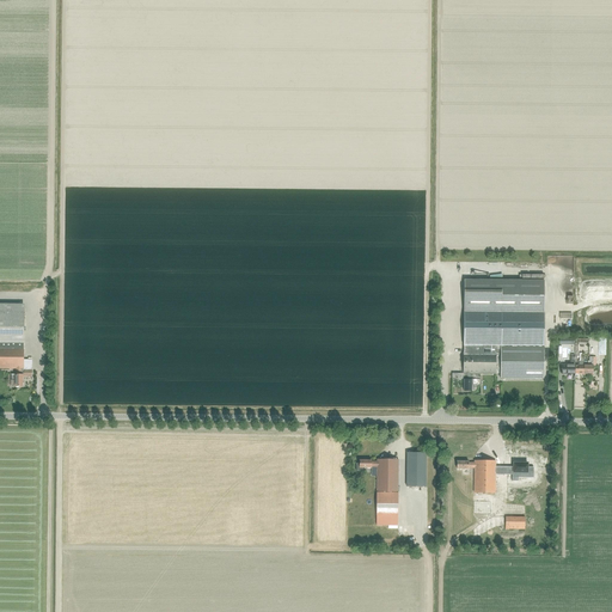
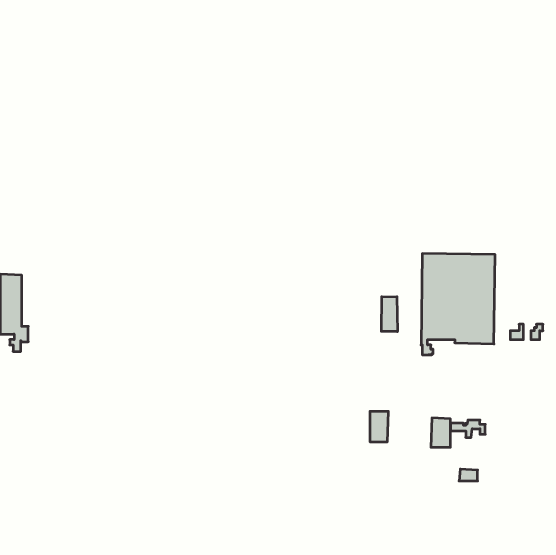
building: none -> [381,297,397,332]
building: [356,459,398,514] -> none

